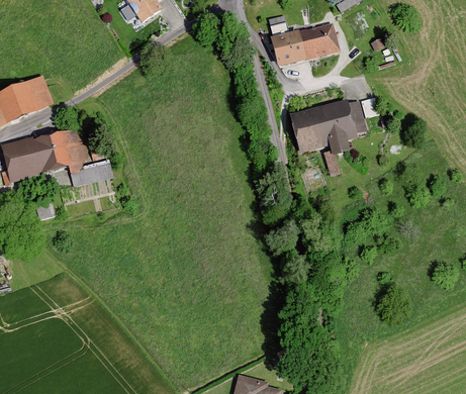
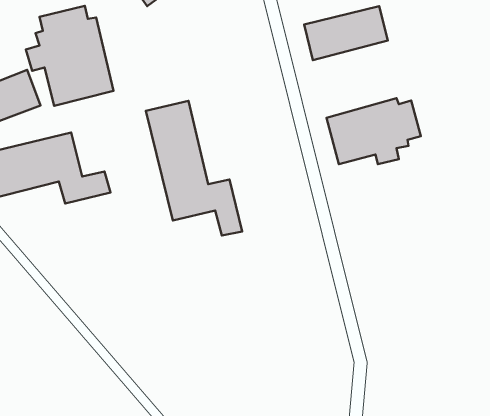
building: none -> [26,6,114,106]
building: none -> [146,101,242,235]

